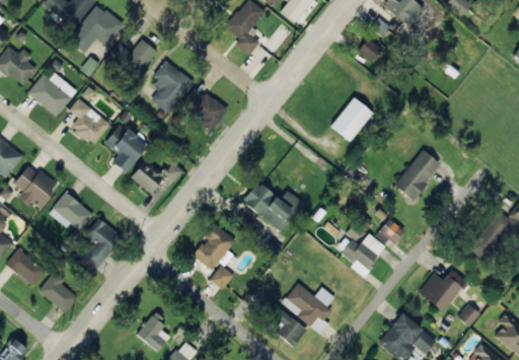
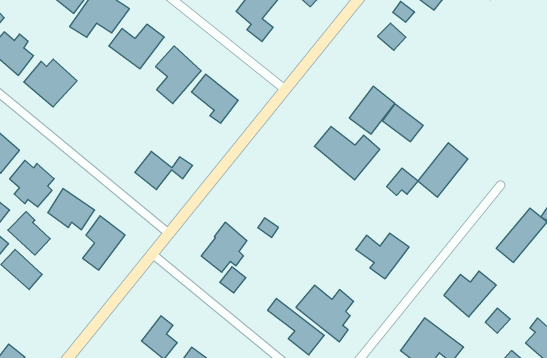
building: [69,97,110,145] -> none
building: none -> [383,104,423,142]
building: [104,124,147,172] -> none
building: [242,182,303,231] -> [314,127,380,180]
building: [375,218,404,243] -> [387,168,418,195]
building: [39,272,78,312] -> [8,212,50,255]

